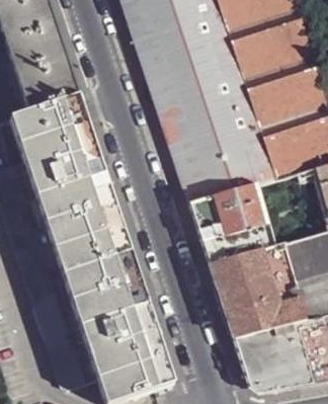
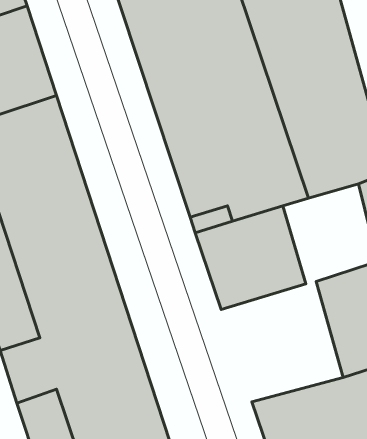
building: [209,243,305,338] -> none

